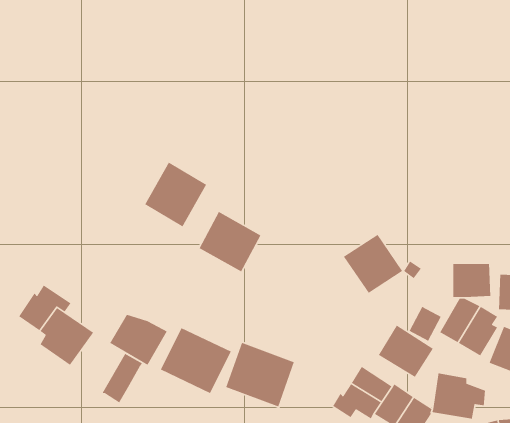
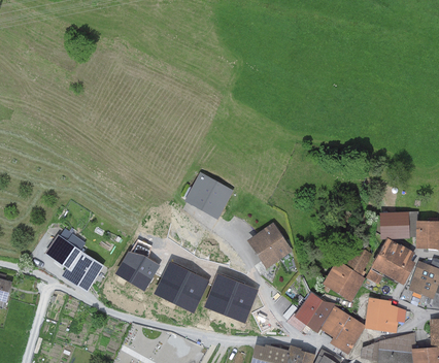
building: [144,162,207,227] -> none
building: [343,234,403,294] -> [246,223,293,269]
building: [101,353,143,403] -> none

